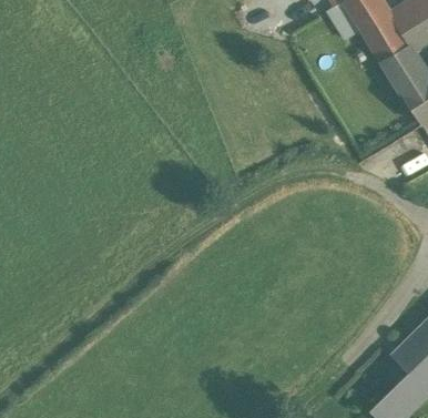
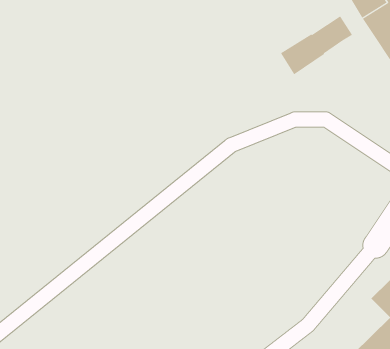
building: none -> [280,15,353,75]

